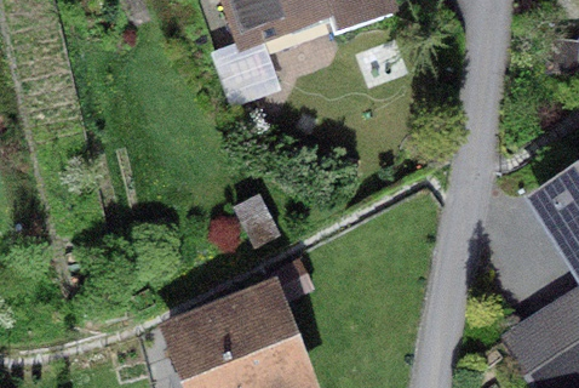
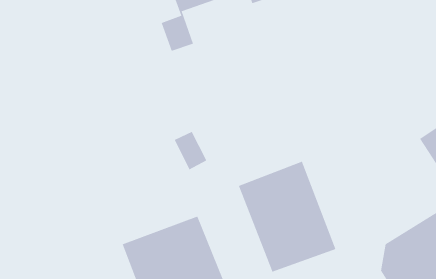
building: none -> [238,161,336,273]

